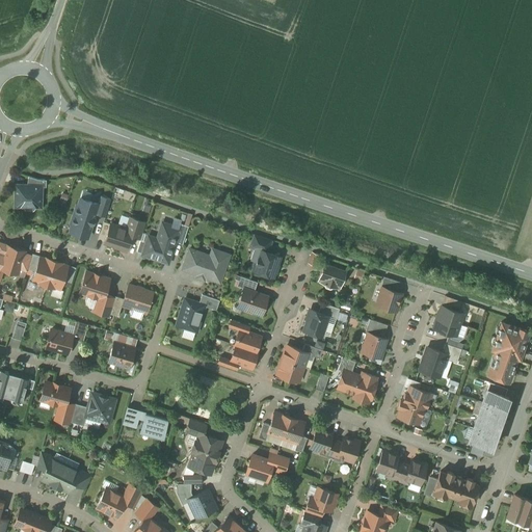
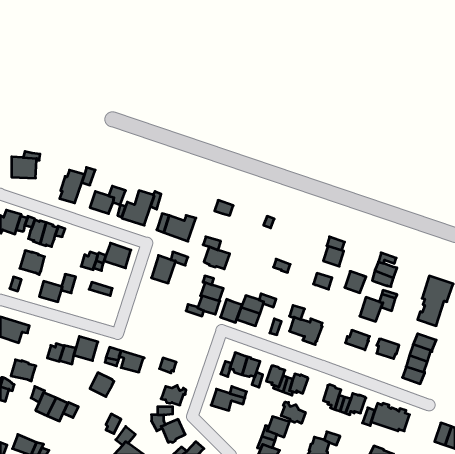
building: [252,250,280,277] -> none
building: [318,264,345,290] -> none
building: [80,272,109,300] -> [20,251,45,275]
building: [303,310,328,337] -> [220,299,242,322]
building: [362,334,387,358] -> [345,271,366,293]
building: [108,342,135,368] -> none
building: [41,381,70,406] -> [11,360,36,381]
building: [398,401,424,424] -> [377,339,399,359]
building: [191,433,222,457] -> none
building: none -> [281,402,305,423]
building: [98,488,126,516] -> [90,373,114,397]

